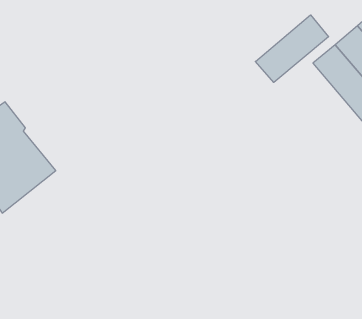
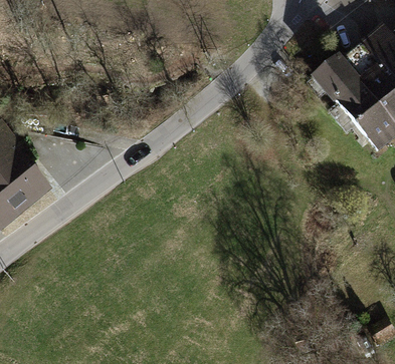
building: [255,15,329,82] -> none

